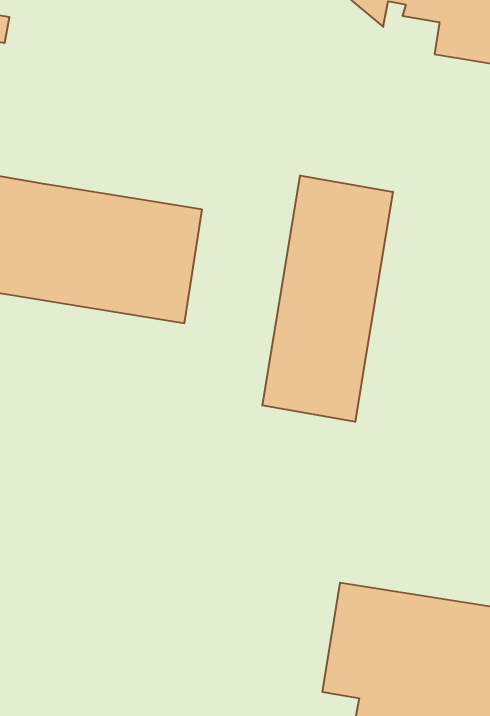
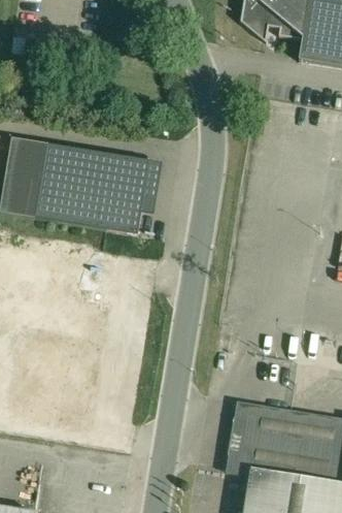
building: [262,175,393,422] -> none

